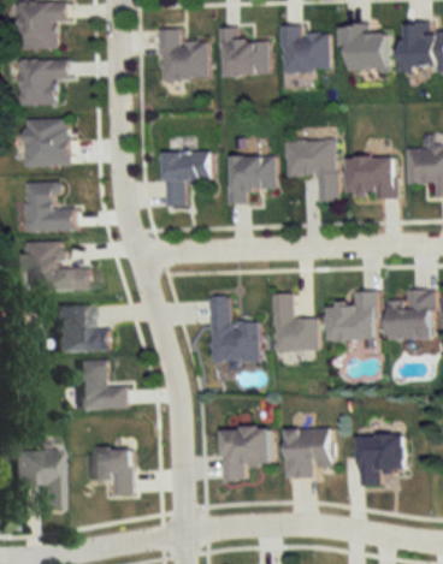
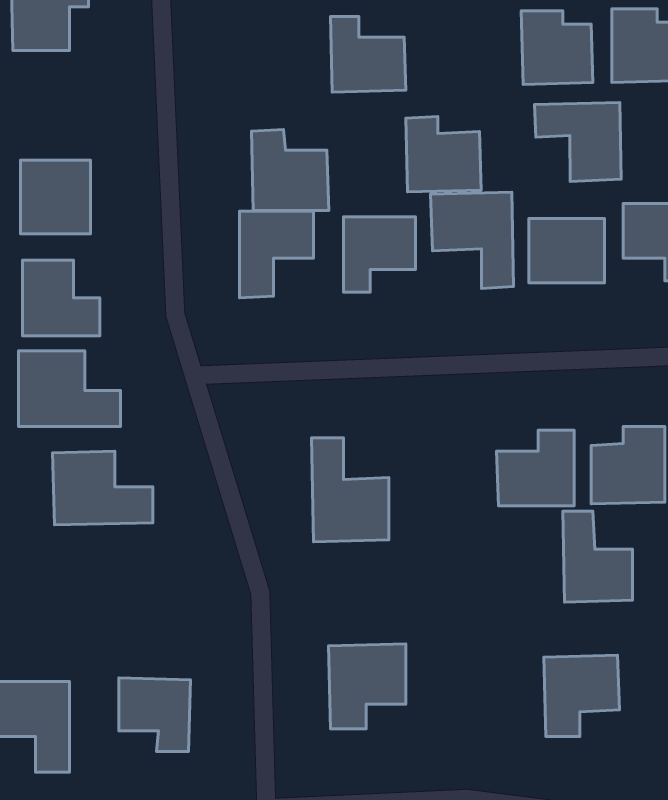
building: [282,24,330,72] -> [406,116,481,192]
building: [159,29,208,81] -> [251,129,329,211]
building: [19,60,69,106] -> none
building: none -> [534,102,621,181]
building: [273,293,318,351] -> [563,511,633,602]
building: [71,361,126,409] -> none
building: [285,428,331,477] -> none

